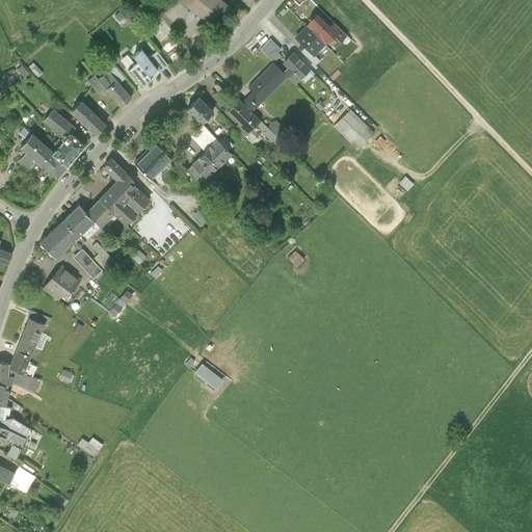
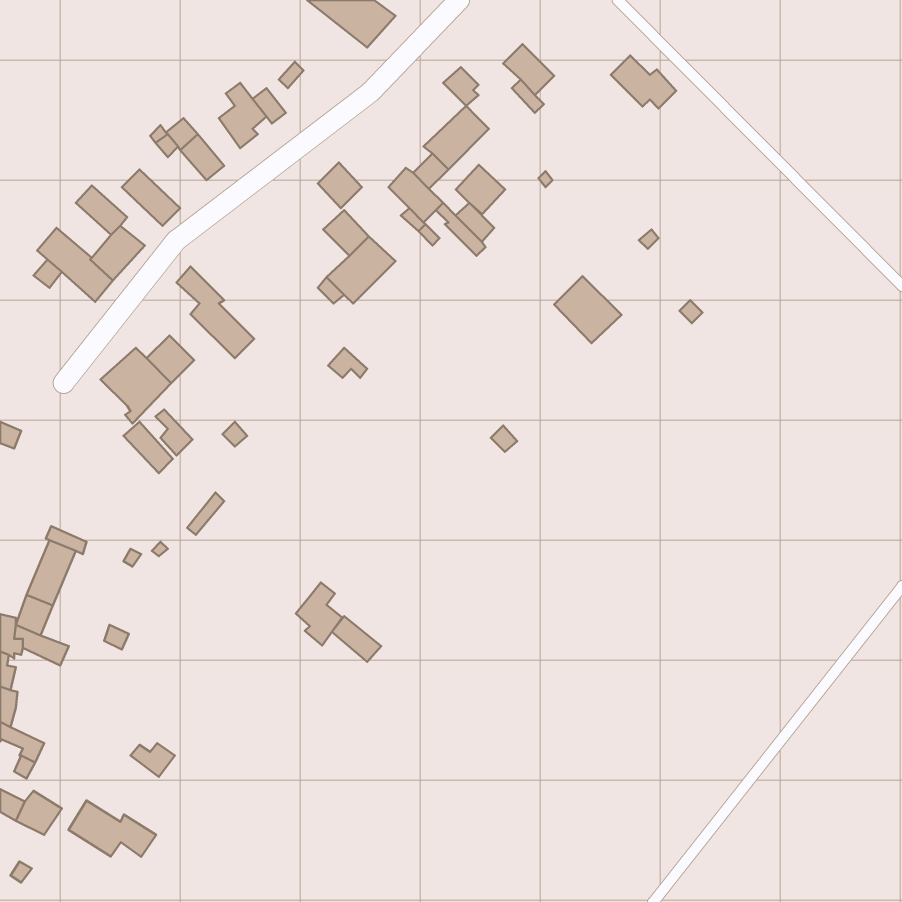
building: [308,15,346,46] -> [611,55,676,108]
building: [281,54,310,83] -> [456,165,505,214]
building: [335,110,374,150] -> [554,276,621,343]
building: [136,141,174,179] -> none
building: [100,185,138,223] -> none
building: [41,223,75,257] -> none
building: [44,265,80,299] -> none
building: none -> [296,583,342,645]
building: none -> [68,801,156,857]

